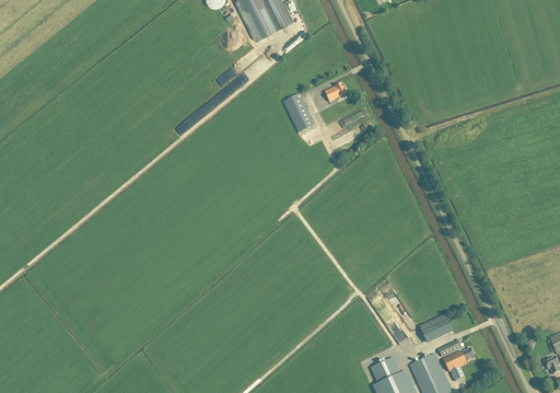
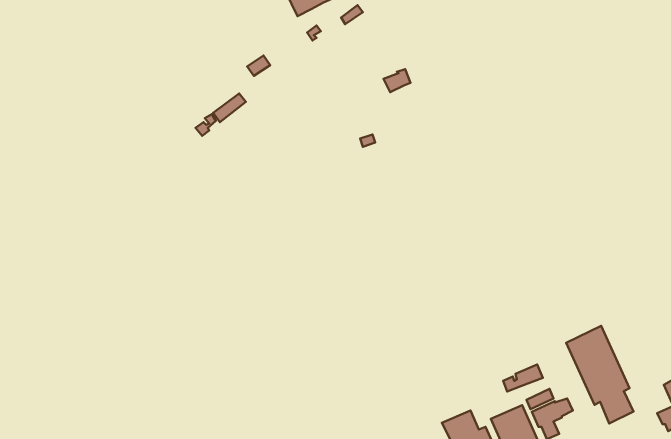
building: [282,93,314,132] -> none
building: none -> [566,326,634,423]

